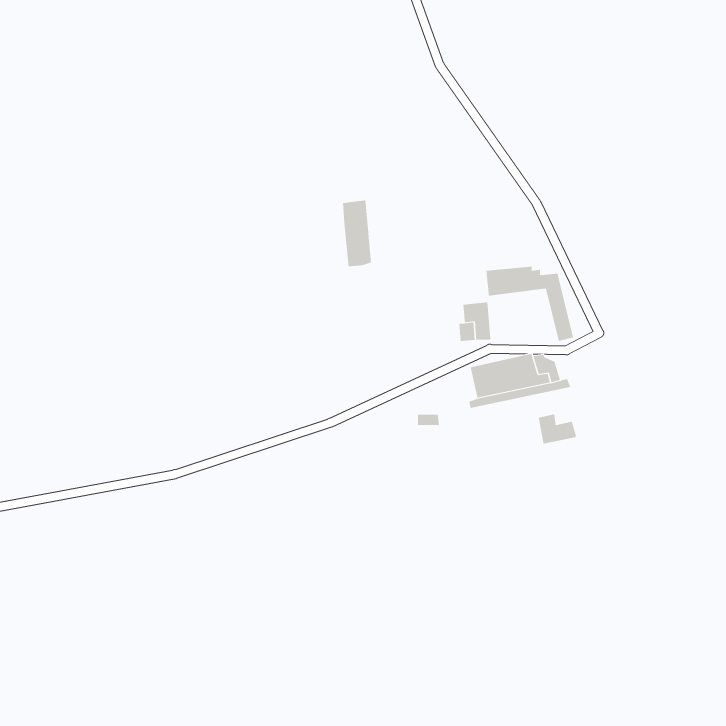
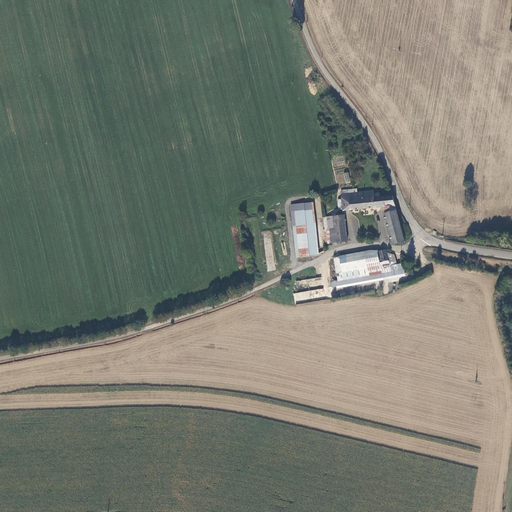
building: [342,200,372,267] -> [294,206,315,253]
building: [538,414,576,445] -> none

